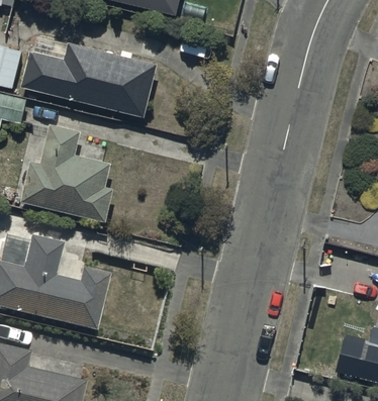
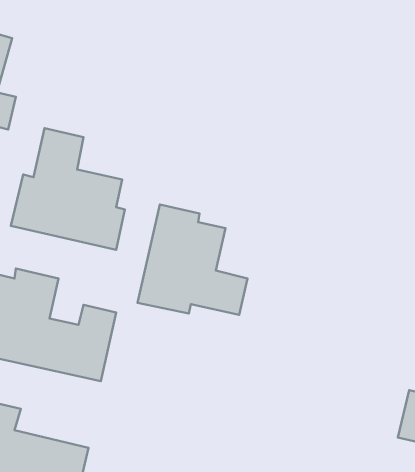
building: [23,33,158,117] -> none
building: none -> [138,204,248,315]

